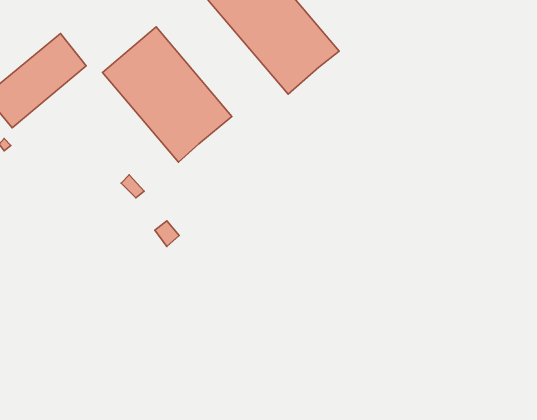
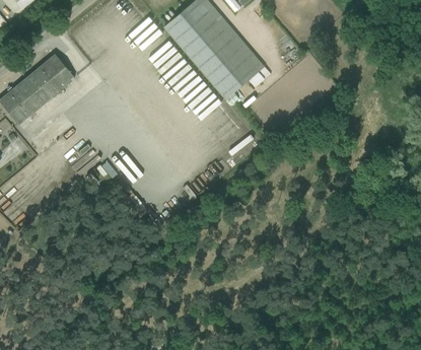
building: [102,27,232,162] -> none

